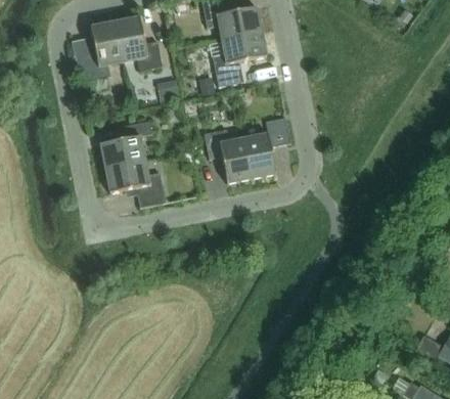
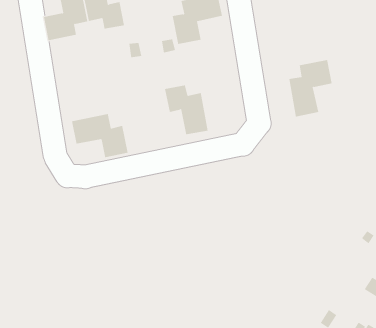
building: [243,117,290,178] -> [288,60,333,117]
building: [99,121,151,168] -> none

